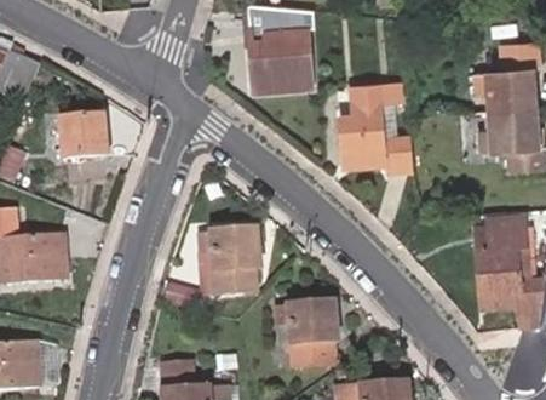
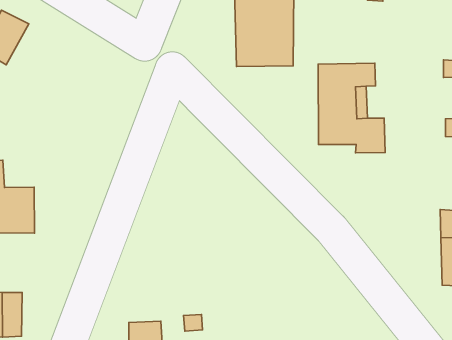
building: [61,115,103,155] -> none
building: [205,228,264,295] -> none
building: [282,302,341,365] -> none

